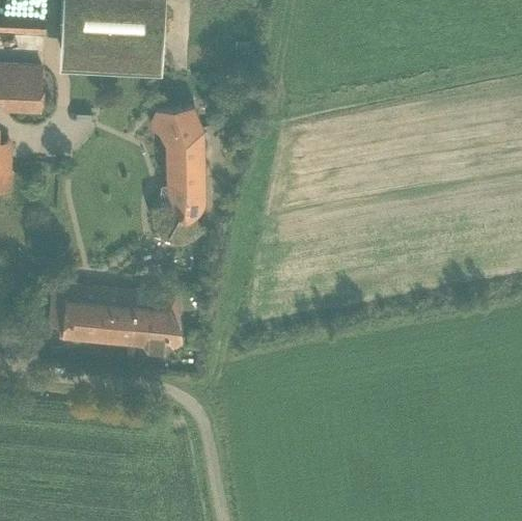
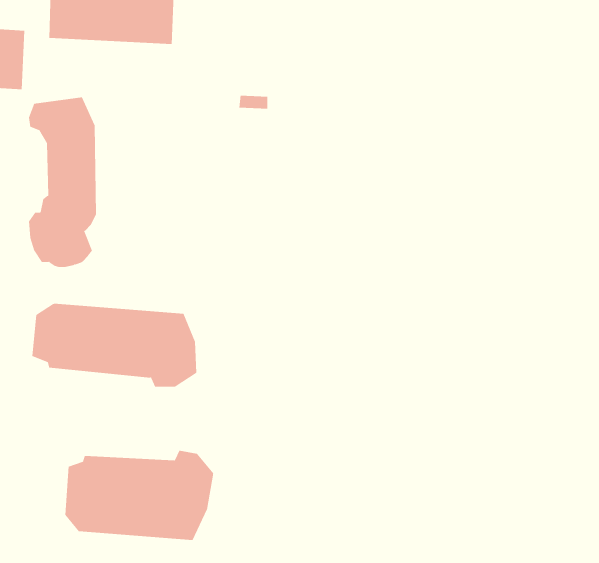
building: [149,107,204,244] -> [28,97,97,268]
building: none -> [65,450,214,541]

